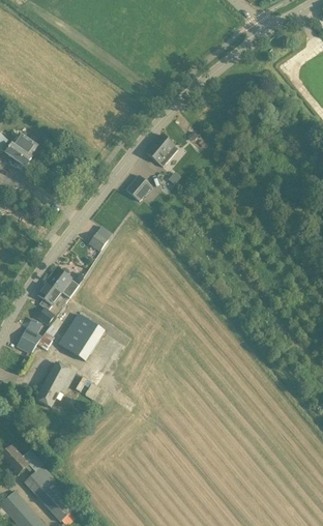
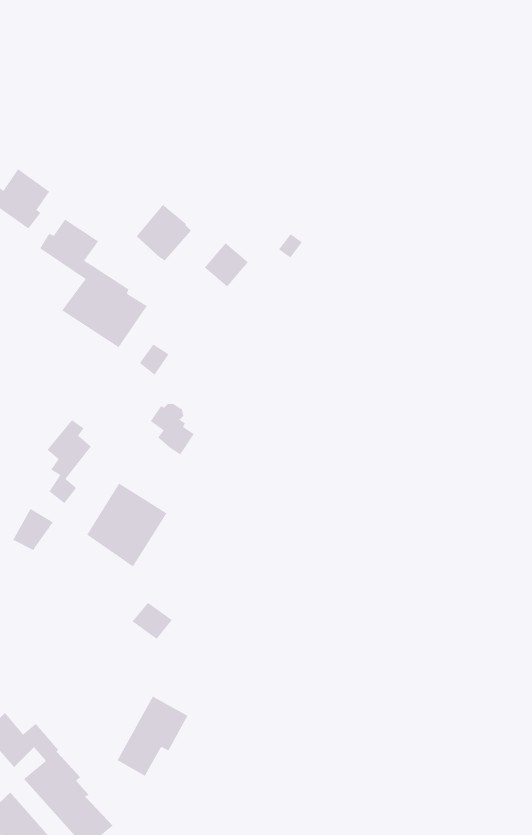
building: [146,134,178,167] -> [136,204,192,262]
building: none -> [39,218,148,348]
building: [51,266,77,296] -> [150,403,195,456]
building: [35,361,77,408] -> [116,696,189,777]

